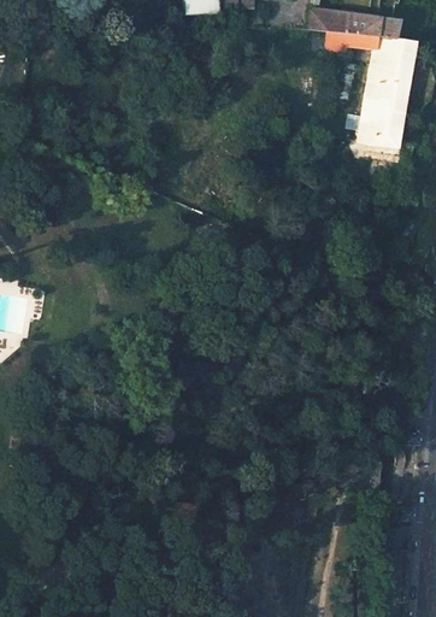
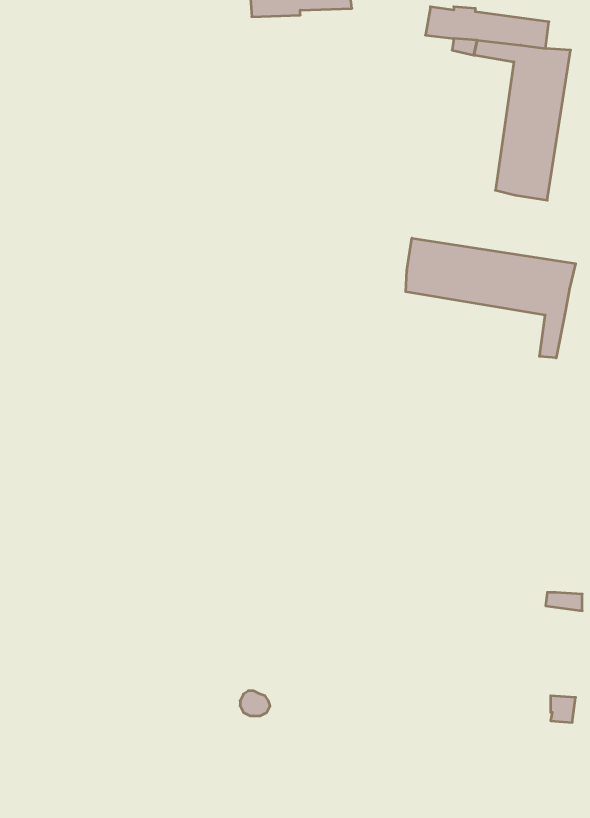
building: none -> [406,238,576,358]

